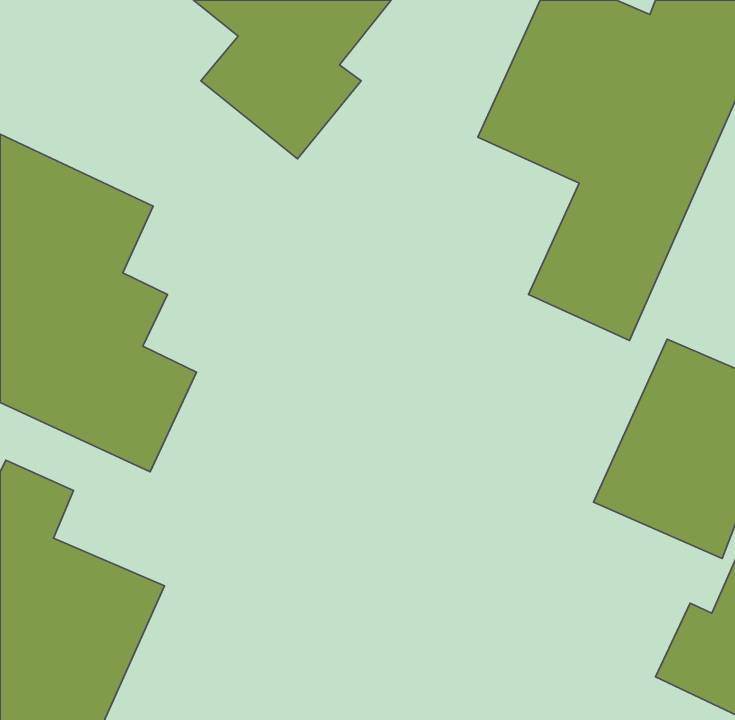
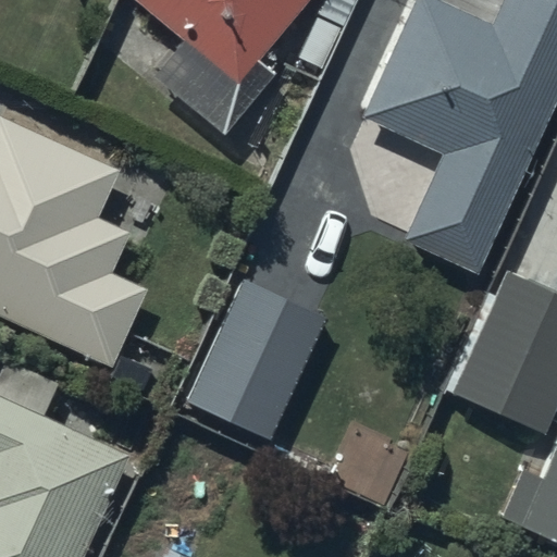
building: none -> [187,277,327,437]

